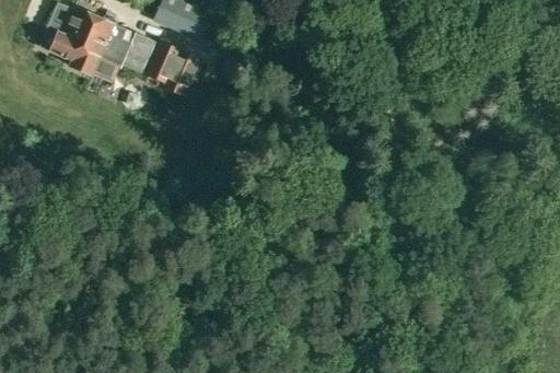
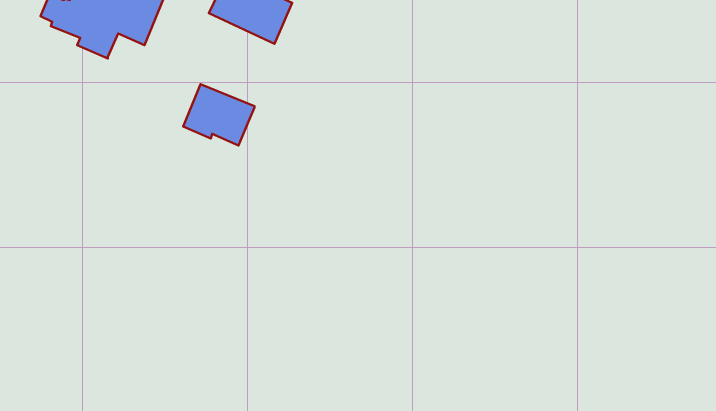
building: [135,36,188,82] -> [183,84,255,146]

